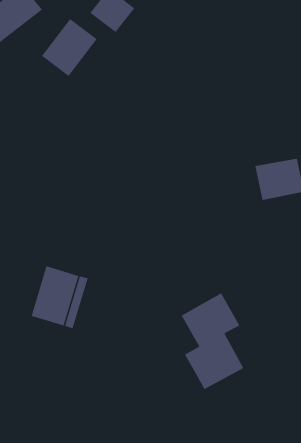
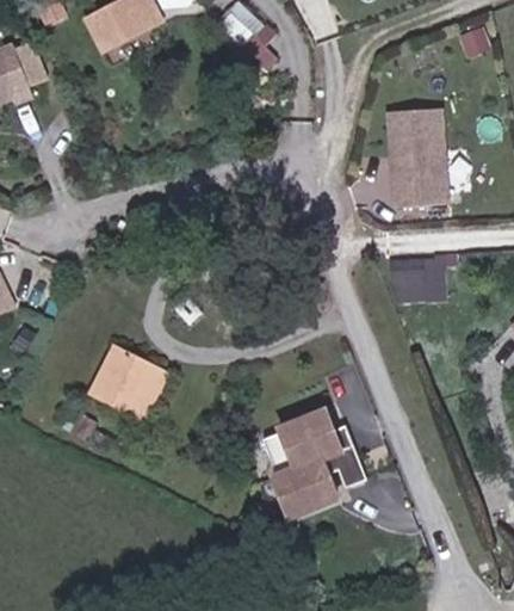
building: [41,18,97,77] -> none
building: none -> [388,109,448,208]

